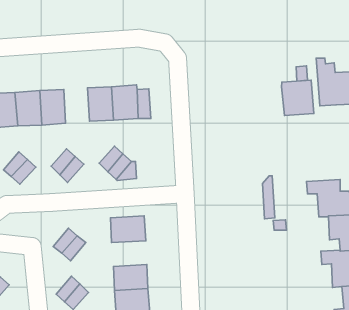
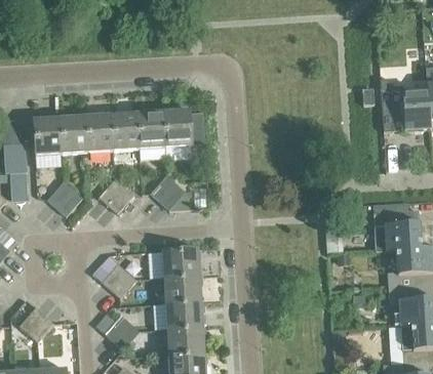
building: [281,80,314,115] -> none
building: none -> [112,111,140,149]
building: none -> [163,275,201,302]

